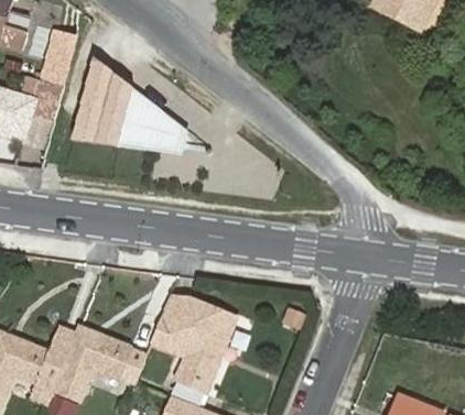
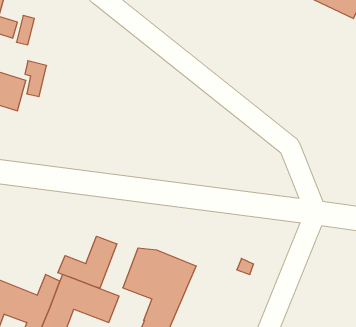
building: [40,29,73,83] -> none
building: [71,56,184,151] -> none
building: none -> [58,236,117,288]

